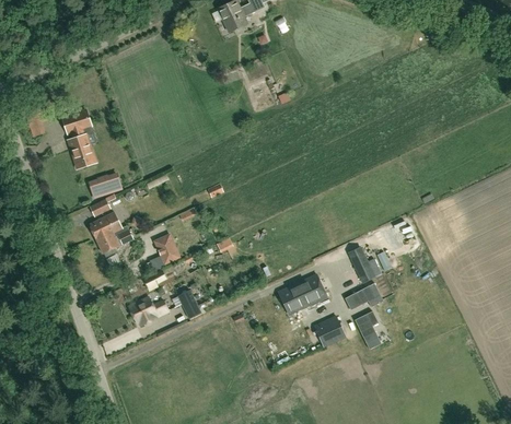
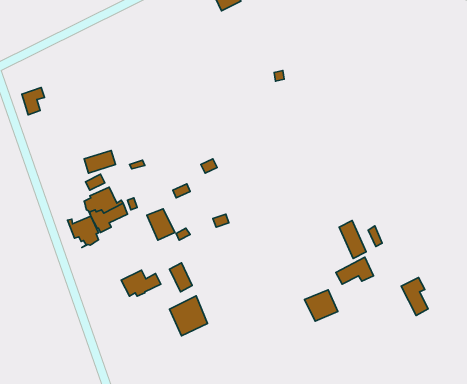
building: [63,110,96,168] -> none
building: none -> [68,216,99,247]
building: [278,273,328,316] -> none
building: [355,311,382,350] -> [401,278,428,315]
building: none -> [169,296,208,336]

